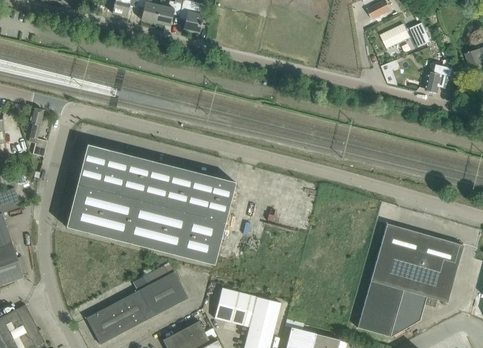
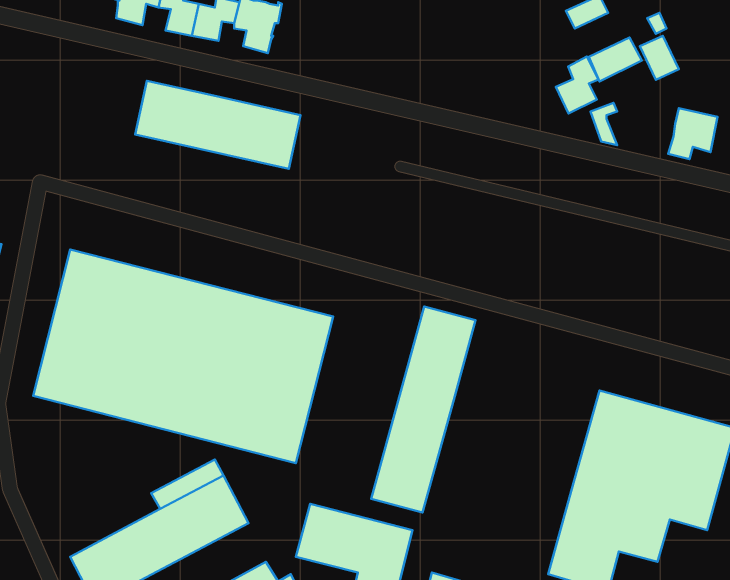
building: none -> [556,56,598,114]
building: none -> [135,81,300,169]
building: none -> [371,307,476,512]

